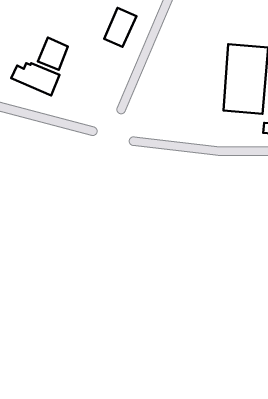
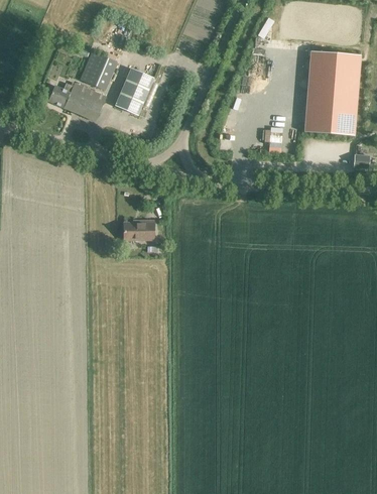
building: [104,8,137,47] -> [115,67,154,114]
building: none -> [124,218,154,238]

